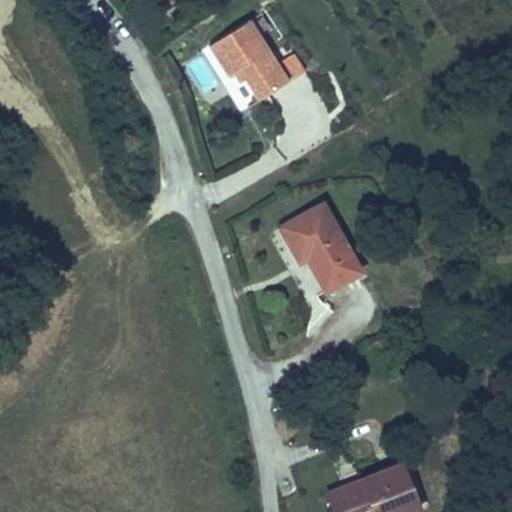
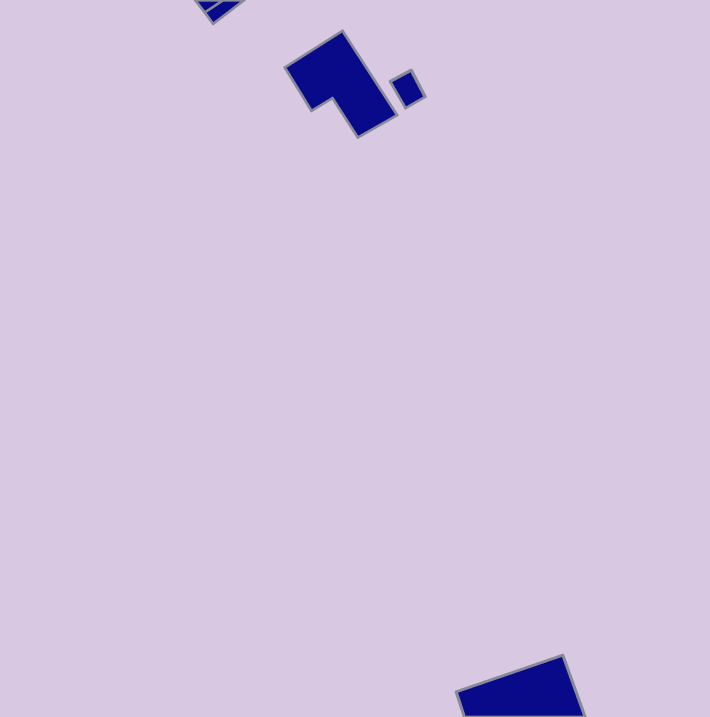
building: [280,203,360,291] -> none

